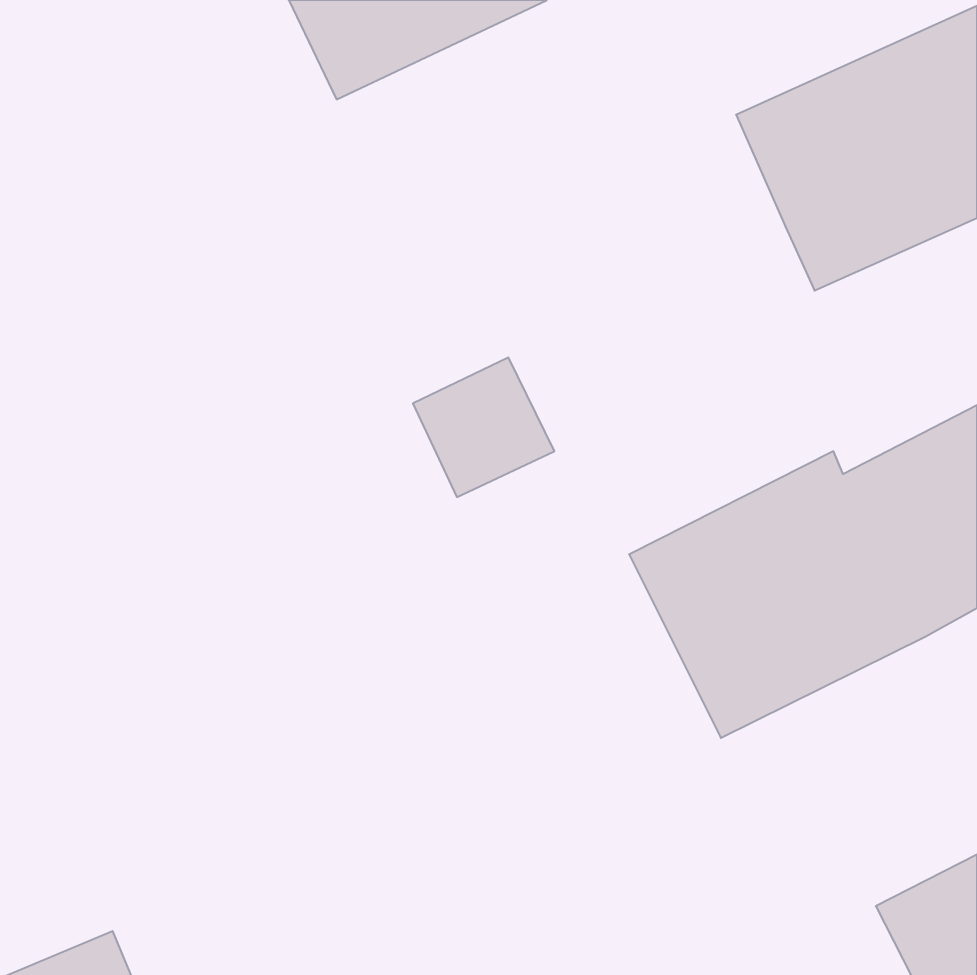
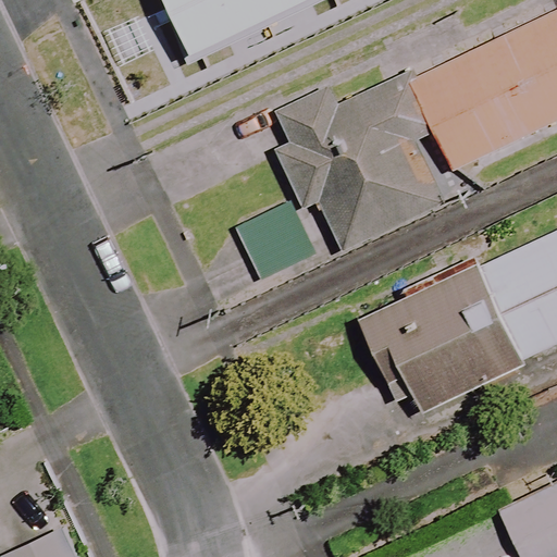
building: none -> [282,66,449,242]

